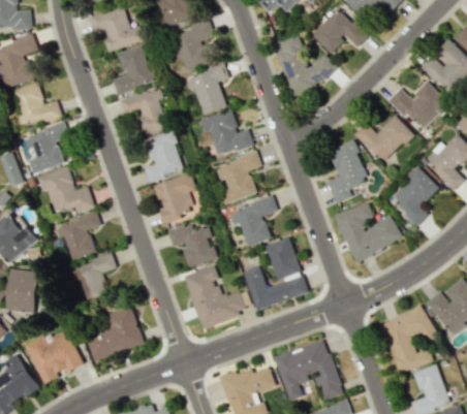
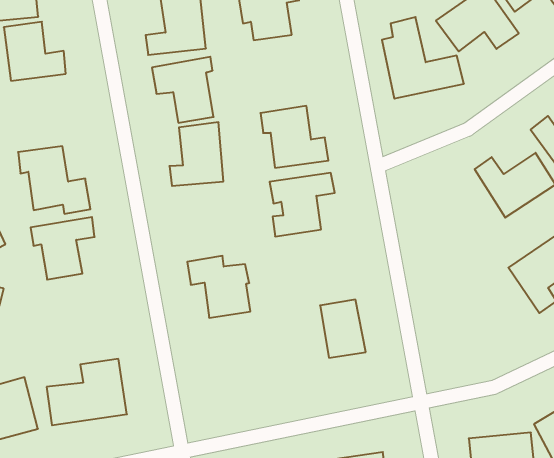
building: [185,65,228,115] -> none
building: [23,123,69,173] -> none
building: [326,141,370,204] -> none
building: [154,173,204,223] -> none
building: [229,197,277,247] -> none
building: [333,200,403,263] -> none
building: [71,255,117,302] -> none
building: [184,266,247,327] -> none
building: [244,266,309,310] -> none

